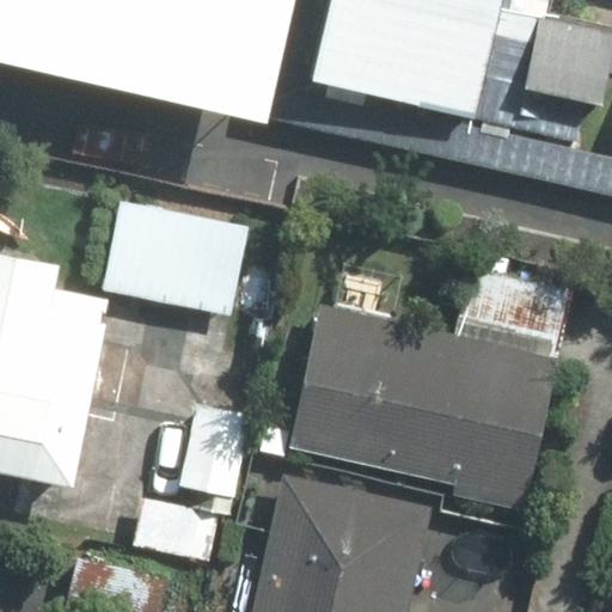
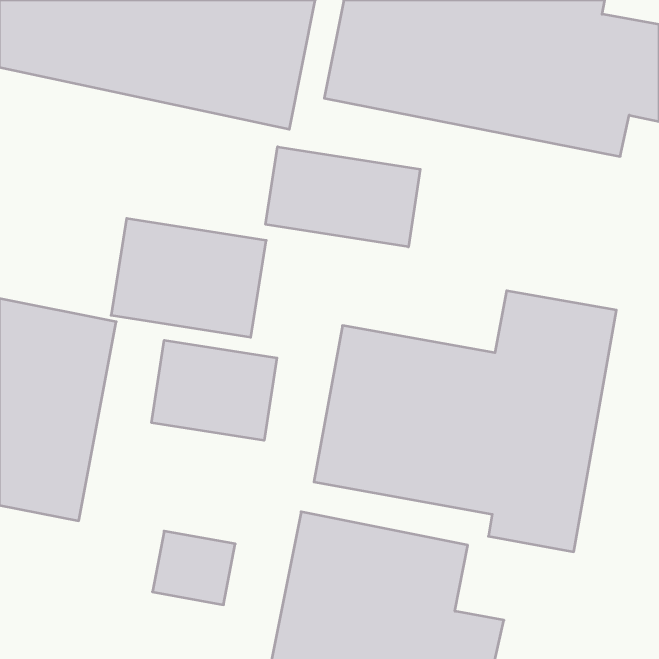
building: none -> [266,147,420,247]
building: none -> [152,340,277,440]

